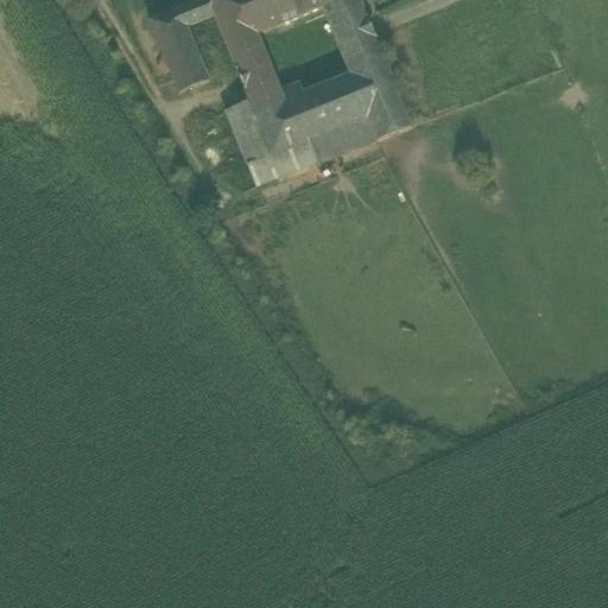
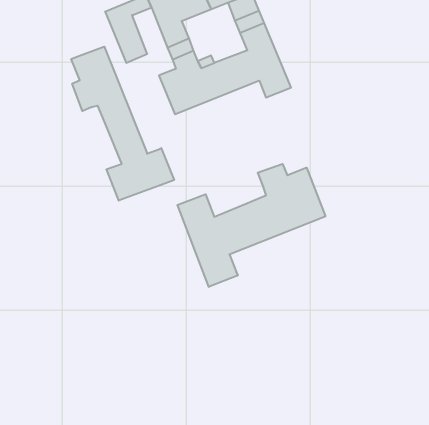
building: none -> [71,47,174,201]
building: [247,114,374,183] -> none
building: none -> [177,164,325,287]

